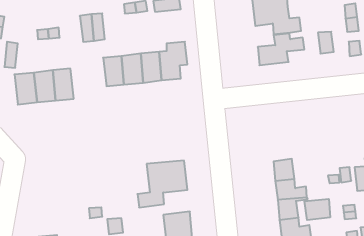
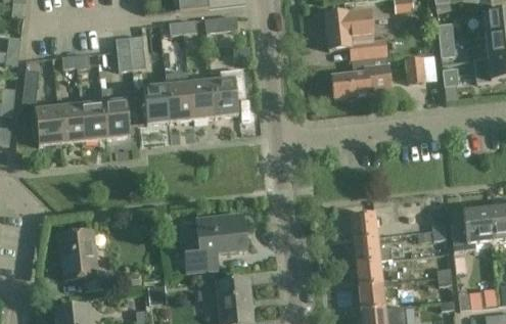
building: none -> [102,87,130,138]
building: none -> [58,230,111,289]
building: [305,199,330,220] -> none

